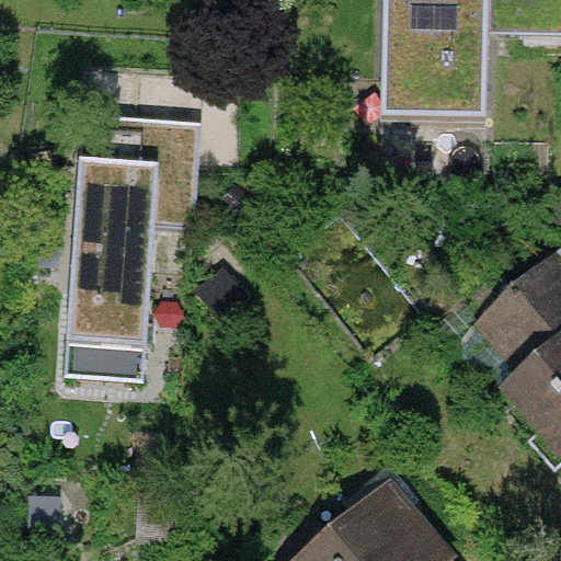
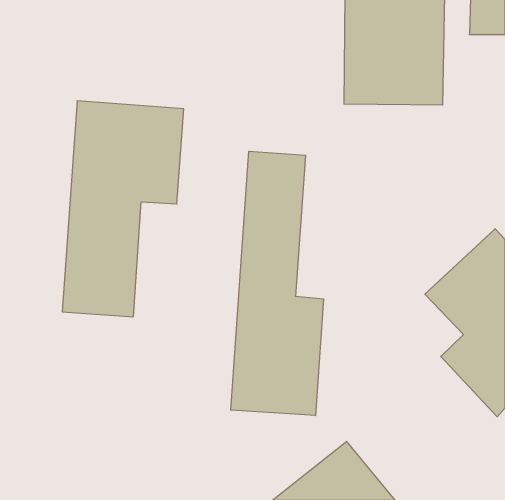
building: none -> [231,151,324,416]

